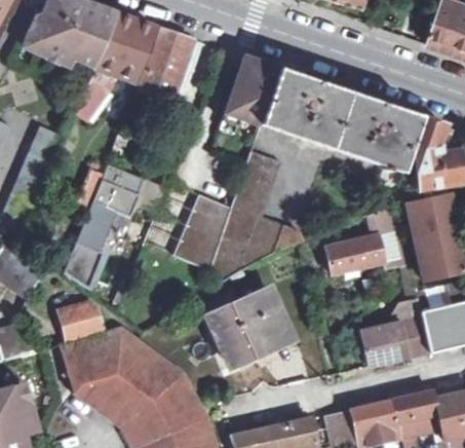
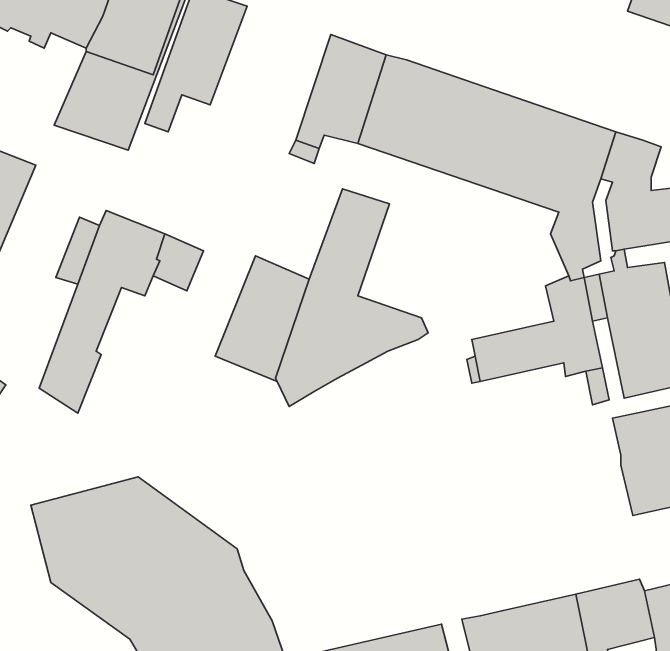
building: [204,284,299,370] -> none
building: [59,303,103,341] -> none
building: [358,314,428,366] -> none

